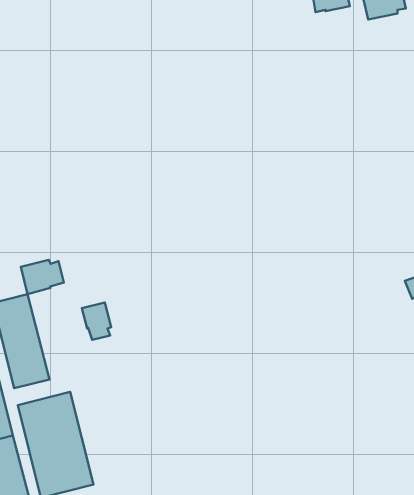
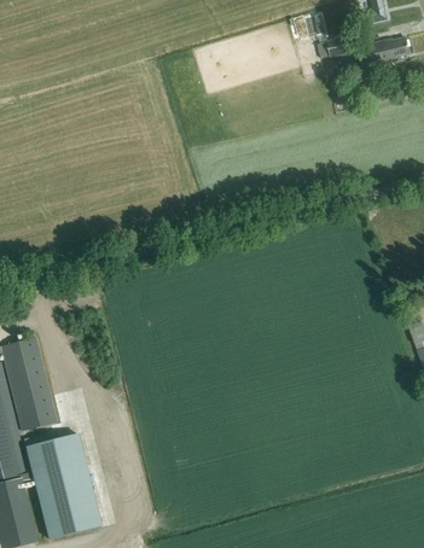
building: [21,260,64,294] -> none
building: [82,302,111,340] -> none

